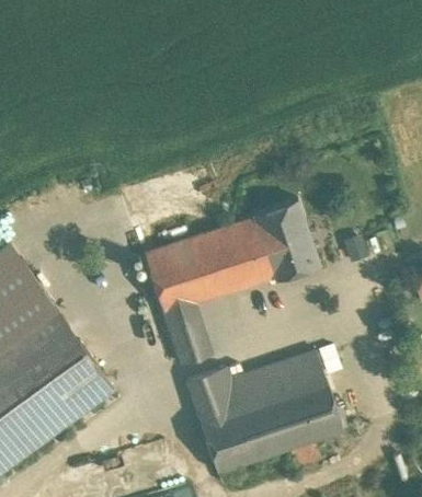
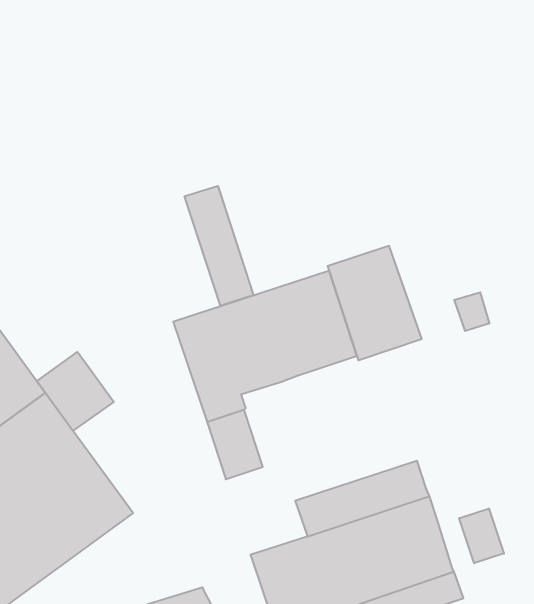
building: none -> [185,186,254,306]
building: none -> [37,352,114,431]
building: [186,368,239,419] -> none
building: none -> [459,508,504,563]

